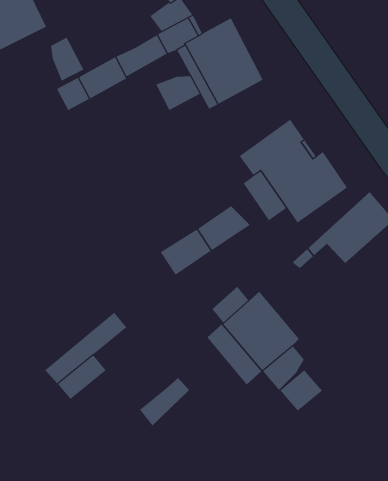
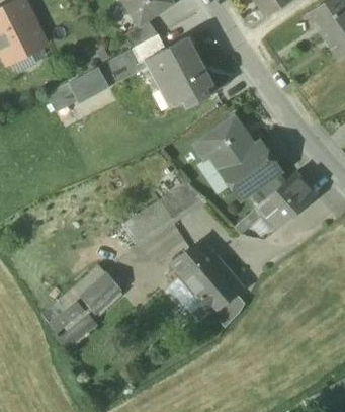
building: [51,37,84,81] -> none
building: [155,75,201,111] -> none
building: [280,369,323,412] -> none
building: [139,377,190,427] -> [85,270,124,309]

